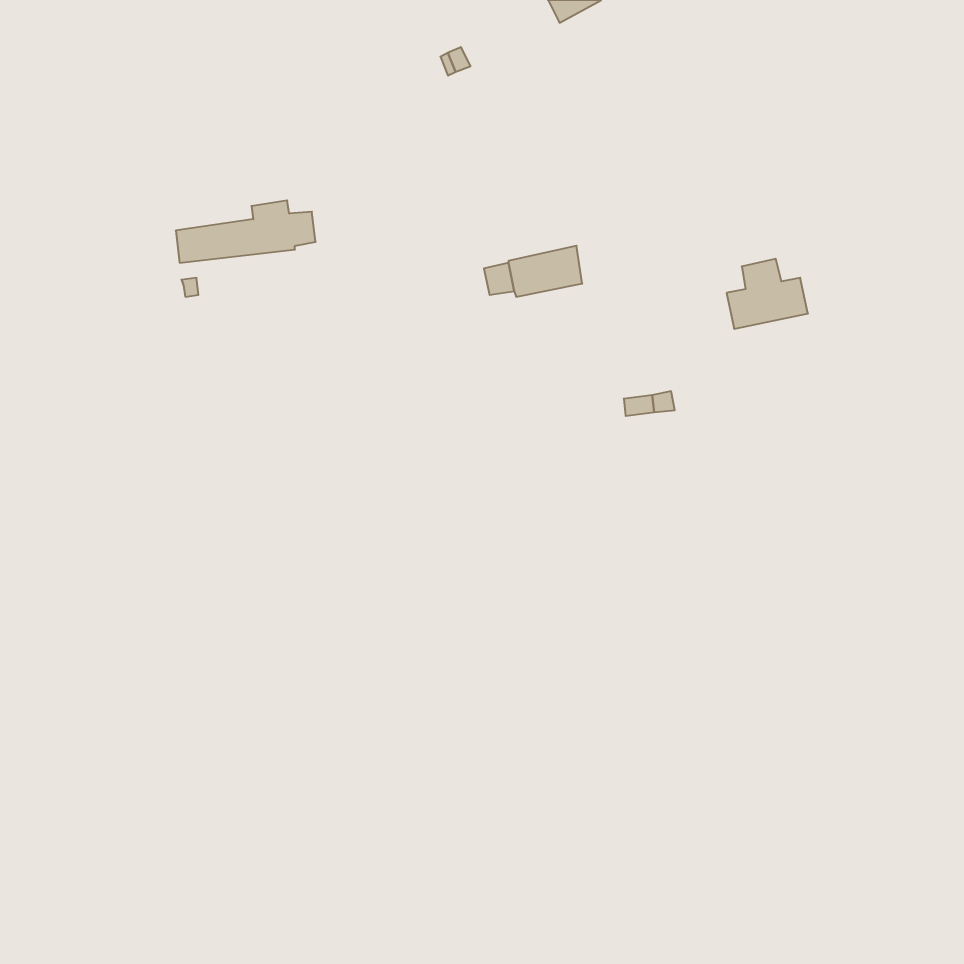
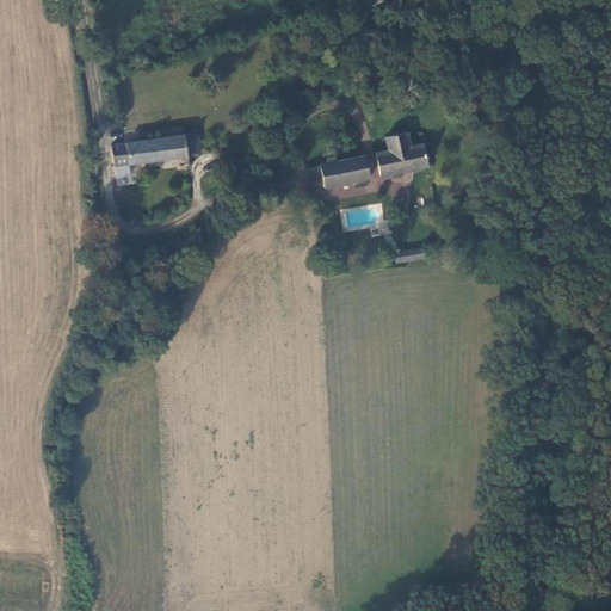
building: [727,259,808,329] -> [377,134,428,178]

